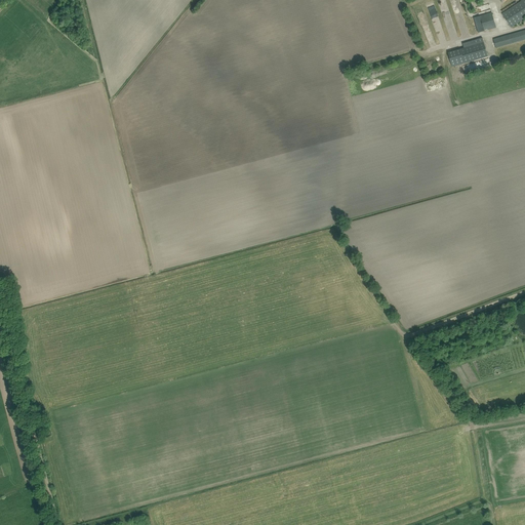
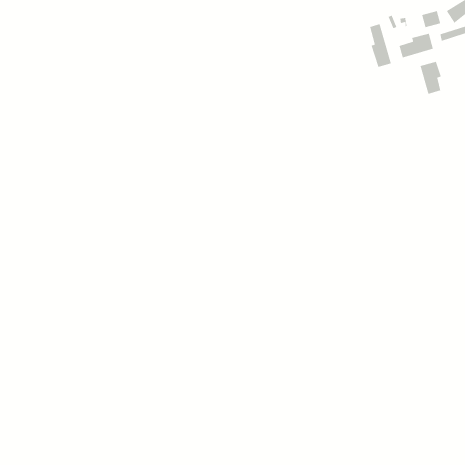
building: none -> [369,23,392,68]
building: none -> [420,61,442,95]

